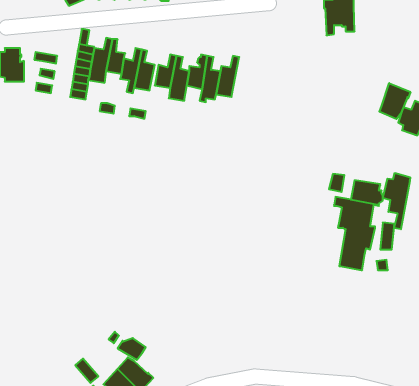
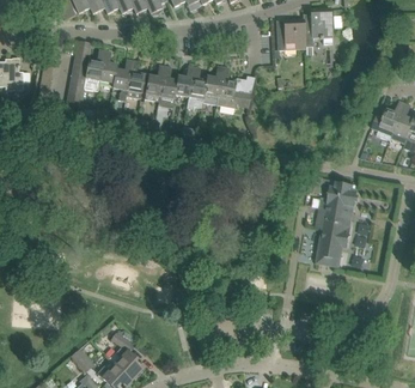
building: none -> [276,19,305,50]
building: none -> [216,67,244,108]
building: [379,83,410,119] -> none
building: [383,173,410,229] -> none

